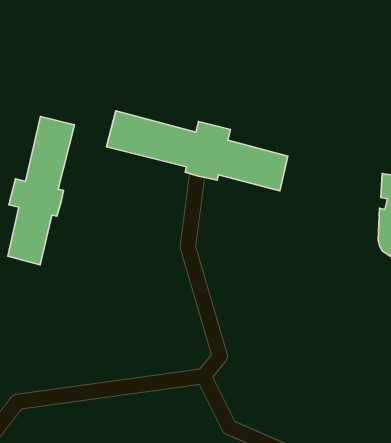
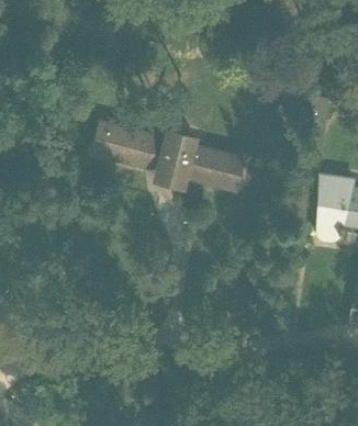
building: [8,116,74,265] -> none

